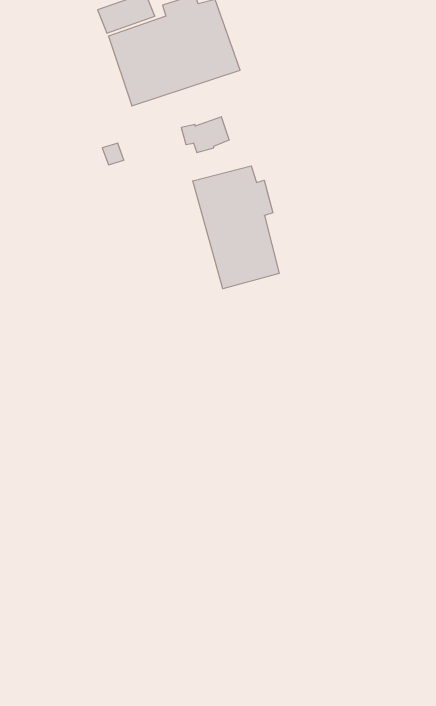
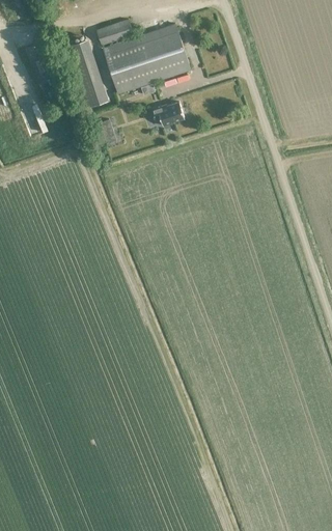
building: none -> [65,40,108,108]
building: [193,166,279,289] -> none

